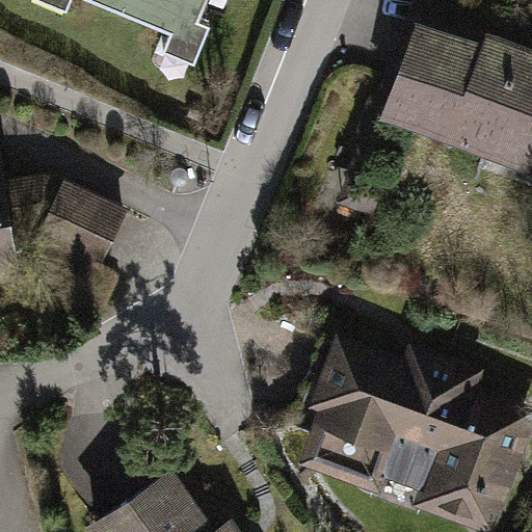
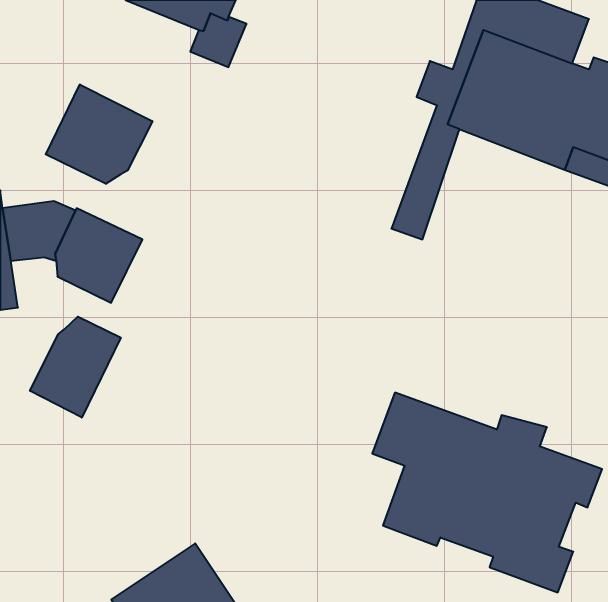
building: none -> [46,84,152,184]
building: none -> [30,317,121,418]

